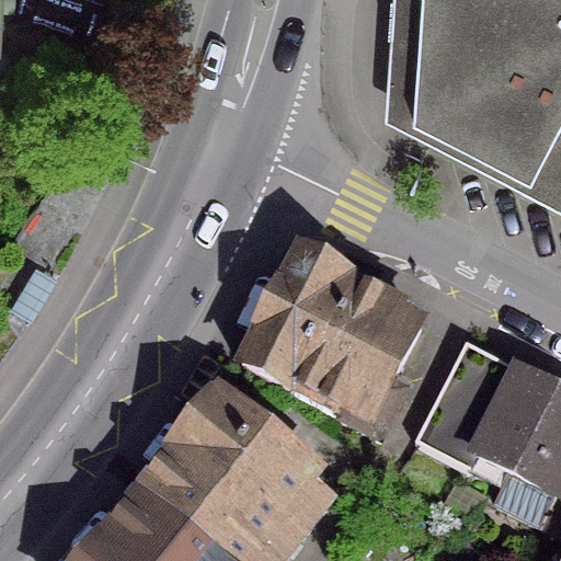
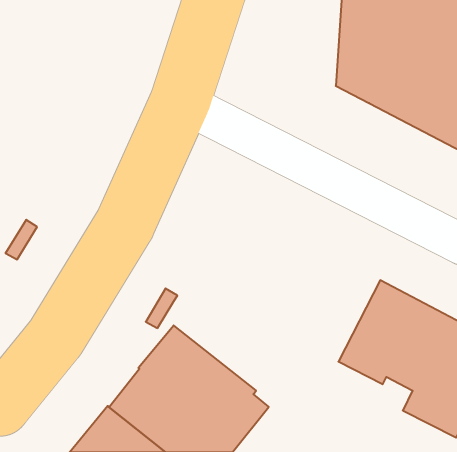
building: [243,253,422,434] -> none

